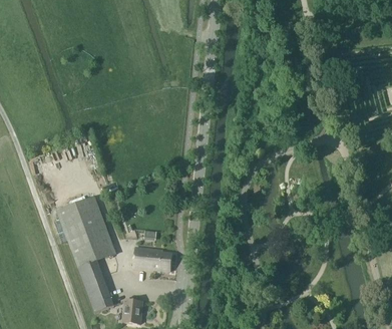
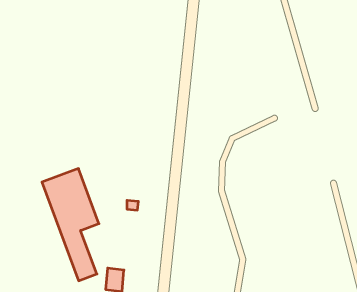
building: [133,246,171,270] -> none

